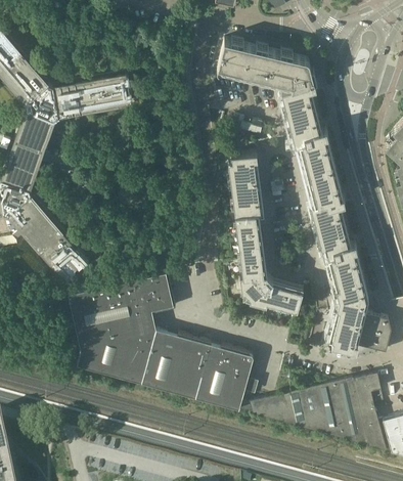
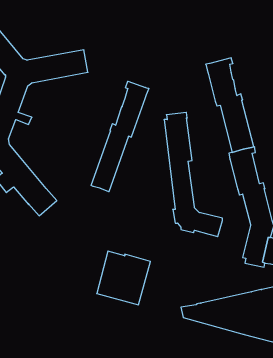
building: [217,39,317,91] -> none
building: none -> [91,81,149,192]
building: [68,273,176,385] -> none
building: [195,344,258,411] -> none

